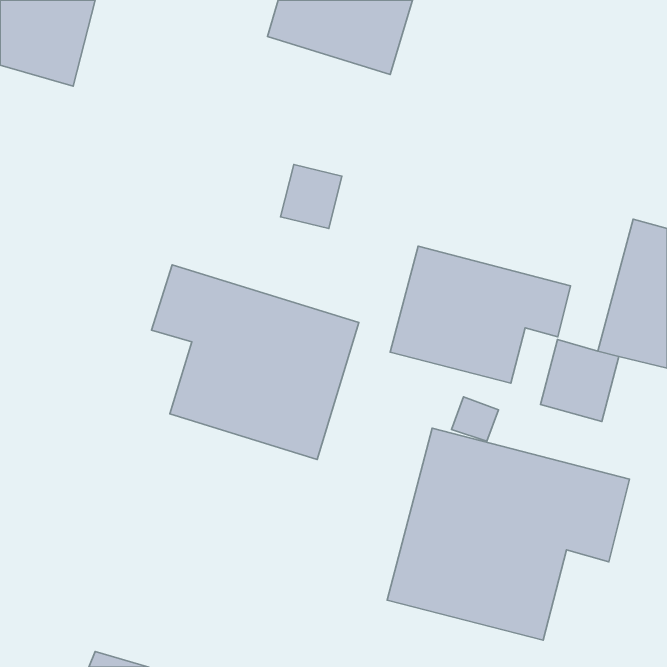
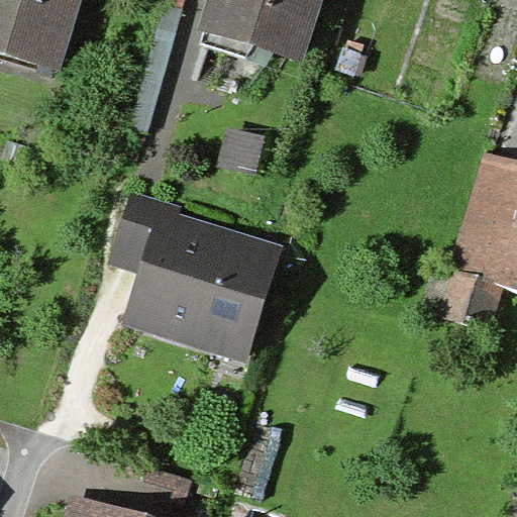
building: [390,246,570,383] -> none
building: [387,428,629,640] -> none

